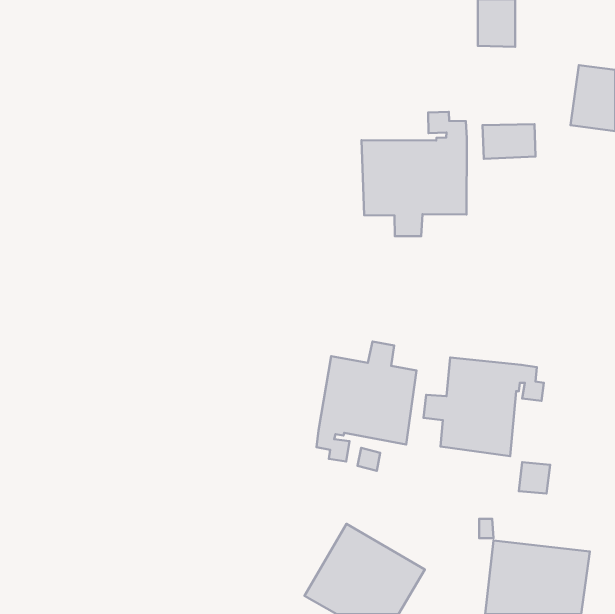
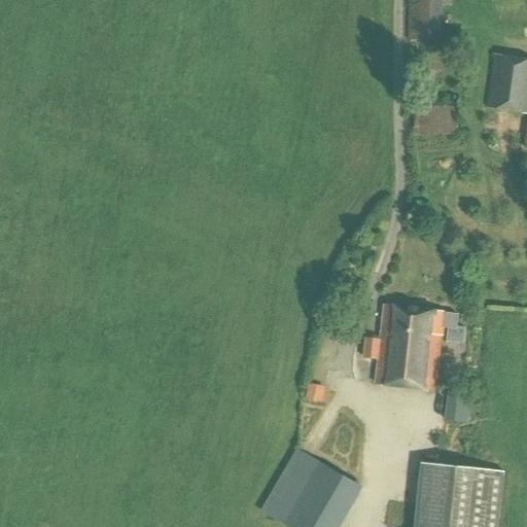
building: [361,112,467,236] -> none
building: [316,342,416,461] -> none

